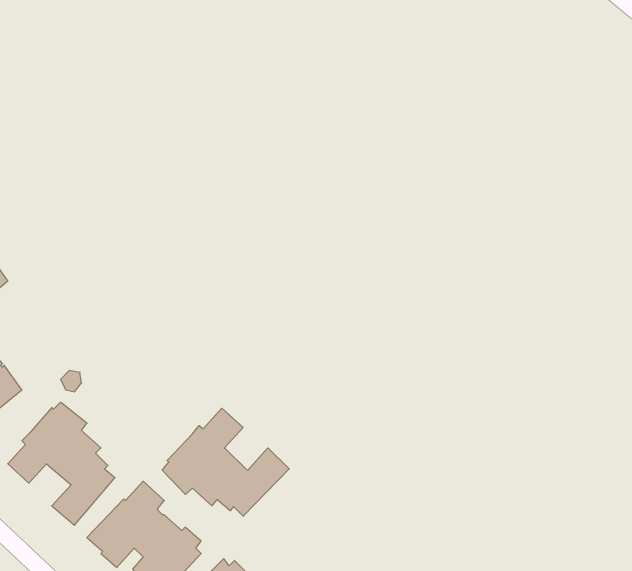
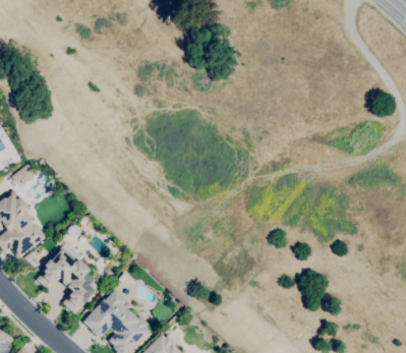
building: [162,408,289,516] -> none

